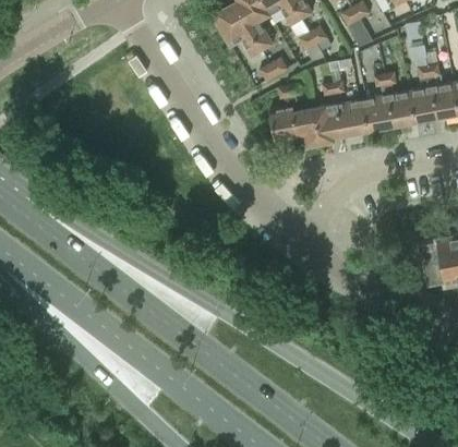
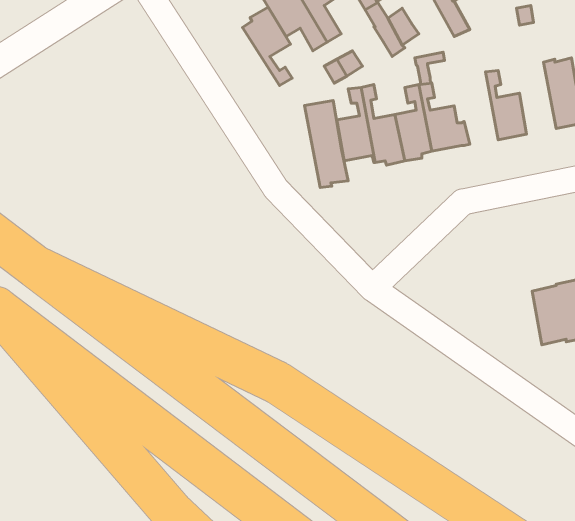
building: none -> [243,7,292,86]
building: [411,67,439,122] -> none
building: [361,74,395,130] -> none
building: none -> [305,100,348,188]

